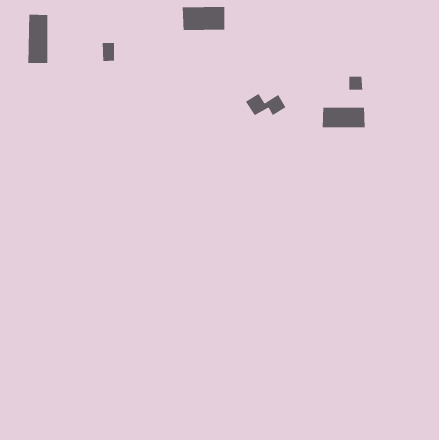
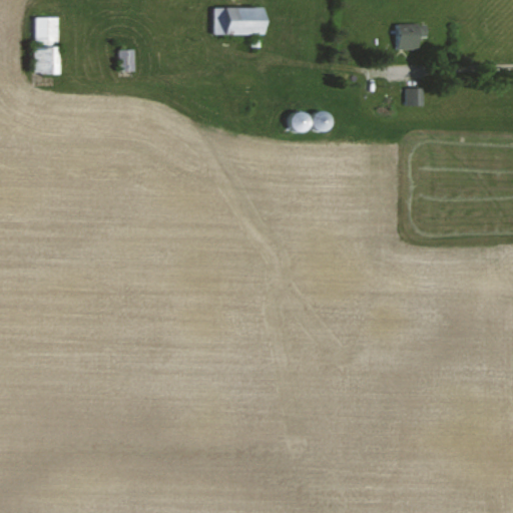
building: none -> [397,23,427,49]
building: [322,107,365,128] -> none

